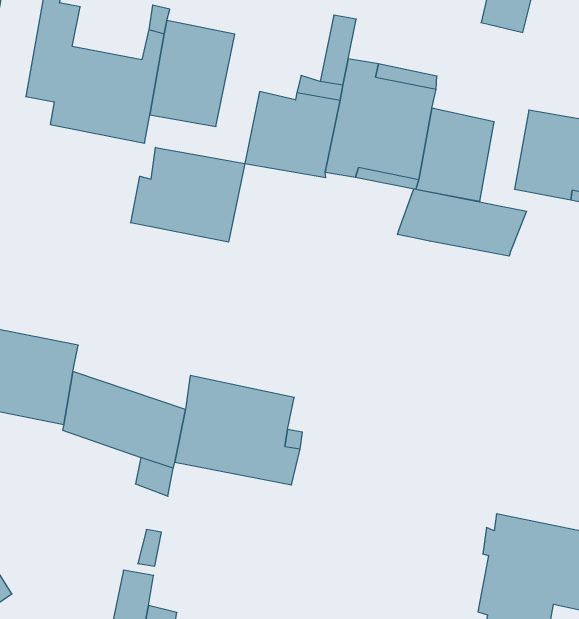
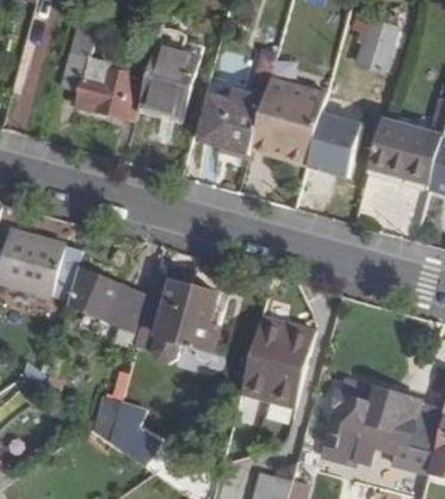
building: [131,147,245,242] -> none
building: [398,189,527,256] -> none
building: none -> [240,318,314,408]

